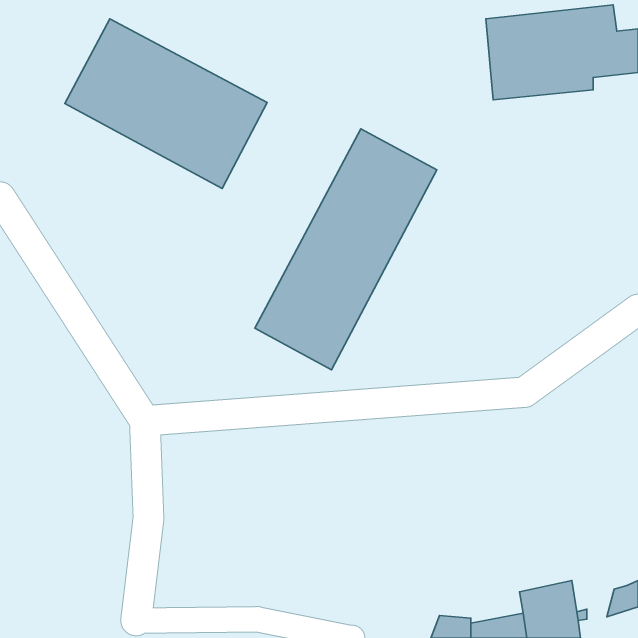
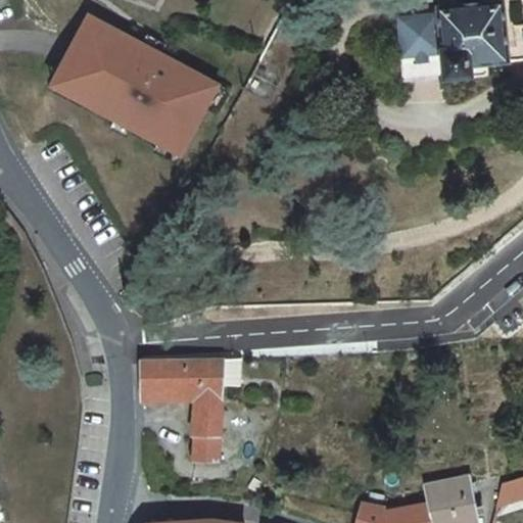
building: [255,129,437,370] -> none
building: none -> [140,363,223,465]

